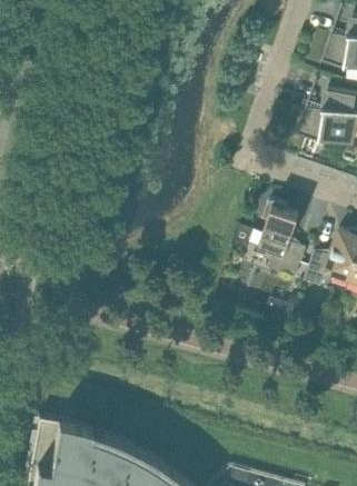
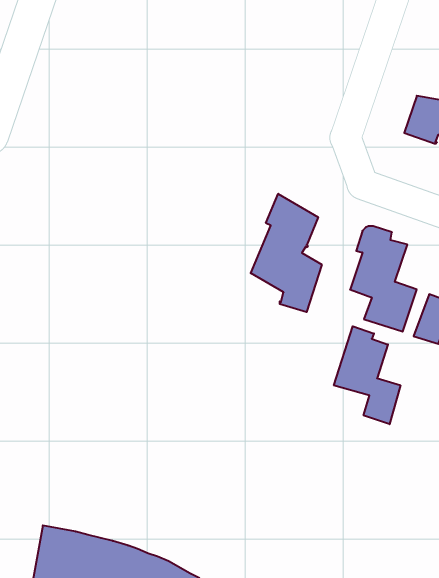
building: none -> [251,194,322,312]
building: none -> [334,326,400,424]

